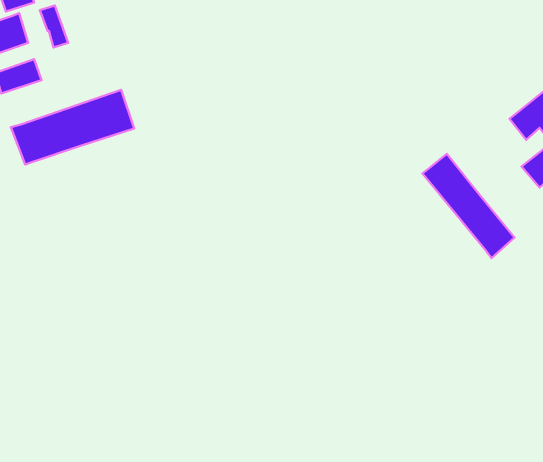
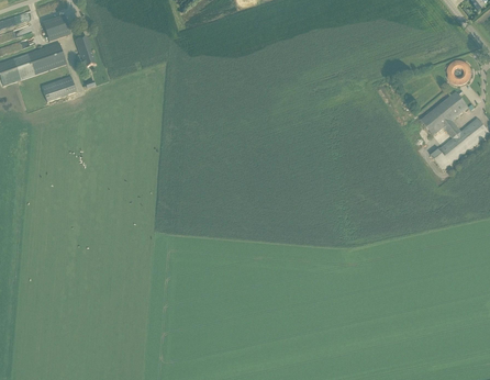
building: [11,90,134,165] -> none
building: [422,154,514,258] -> none

